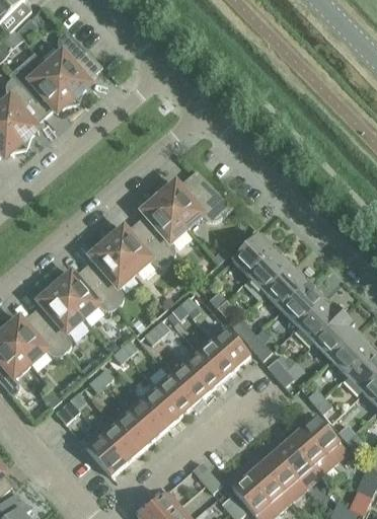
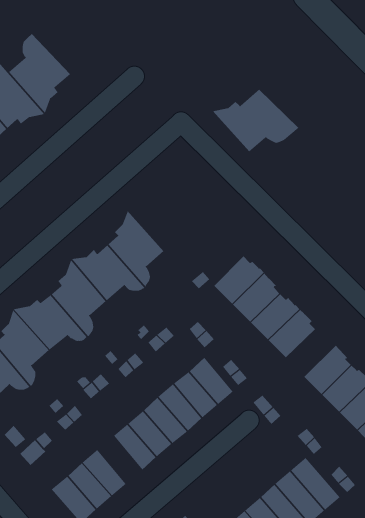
building: [153,171,232,229] -> [212,89,299,152]
building: [297,300,343,344] -> none
building: [126,397,166,441] -> none

